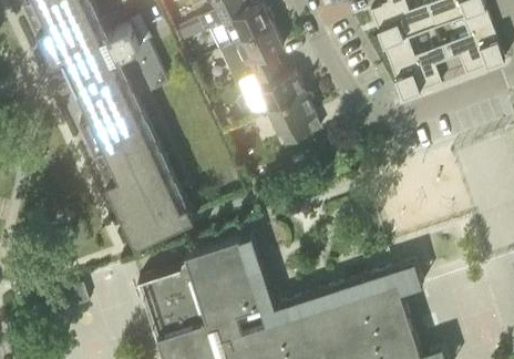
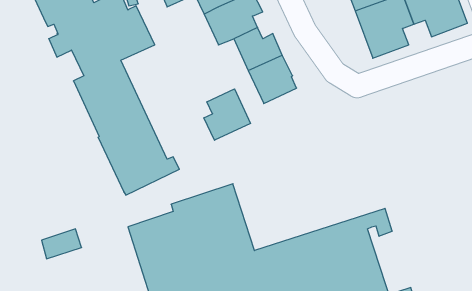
building: none -> [204,89,251,140]

